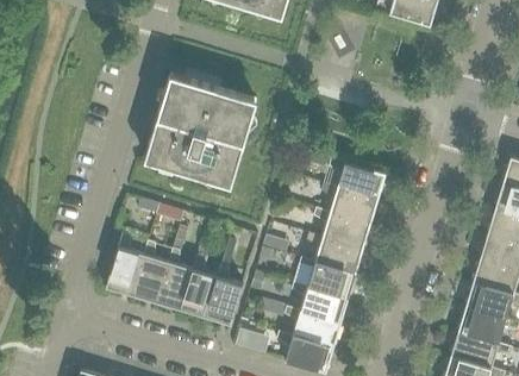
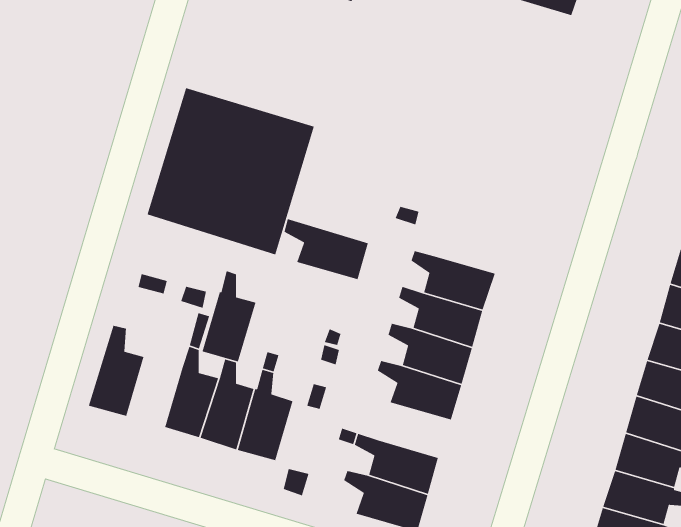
building: [329,158,386,200] -> [284,218,369,280]
building: [131,242,168,303] -> [201,270,256,362]
building: [292,283,349,324] -> none

